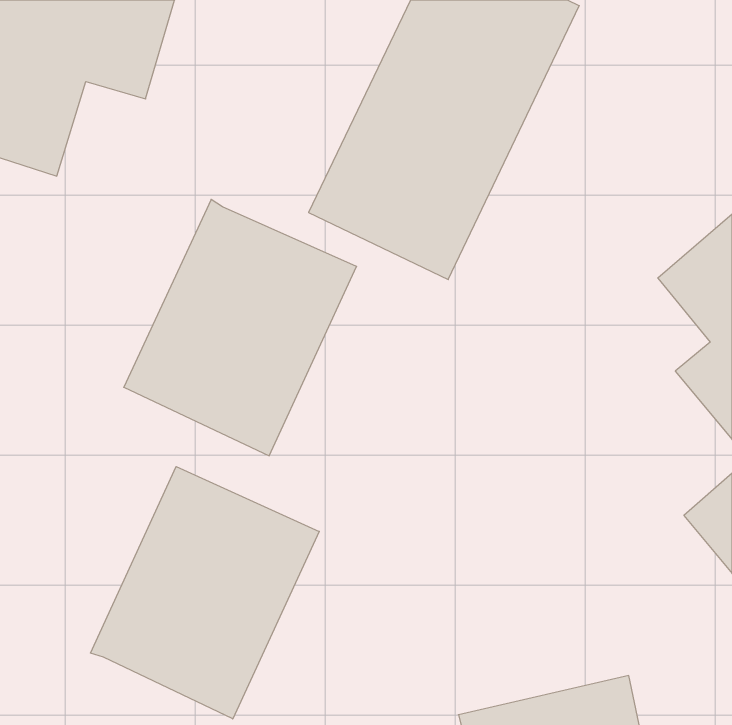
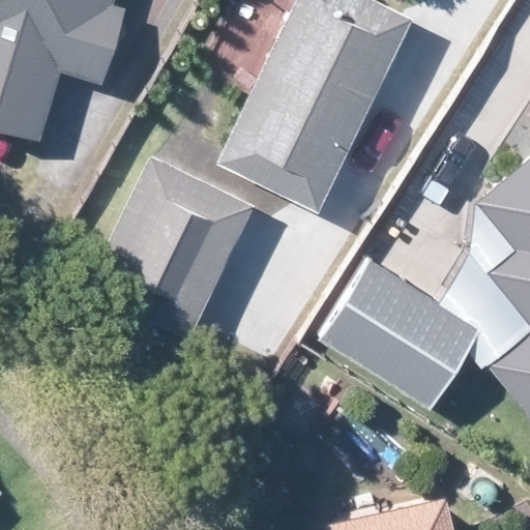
building: none -> [322,262,480,407]
building: [91,467,319,719] -> none

